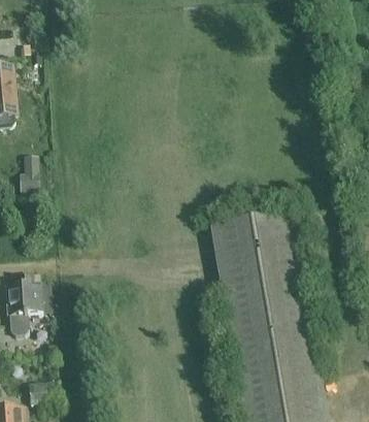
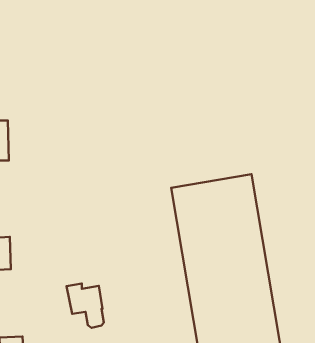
building: none -> [67,283,104,328]

